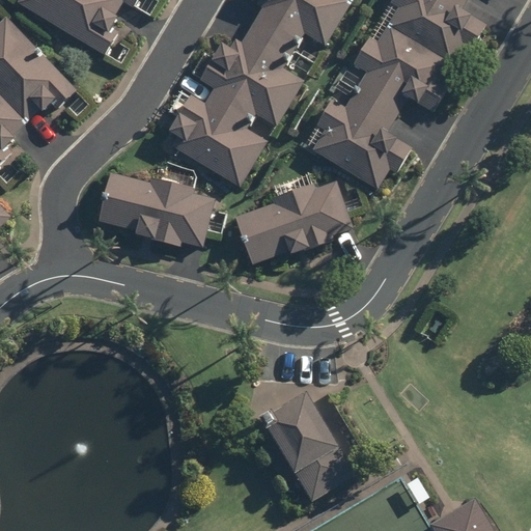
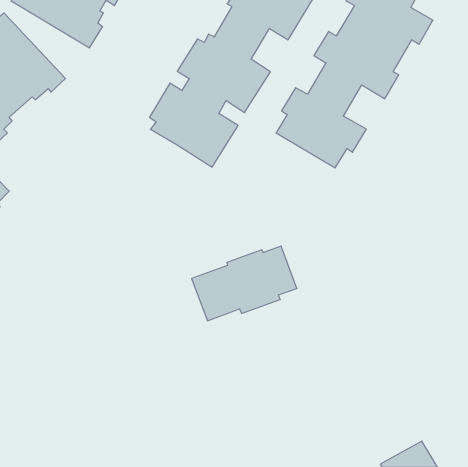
building: [99,172,213,246] -> none
building: [233,179,352,263] -> [192,246,297,321]
building: [259,389,355,500] -> none

